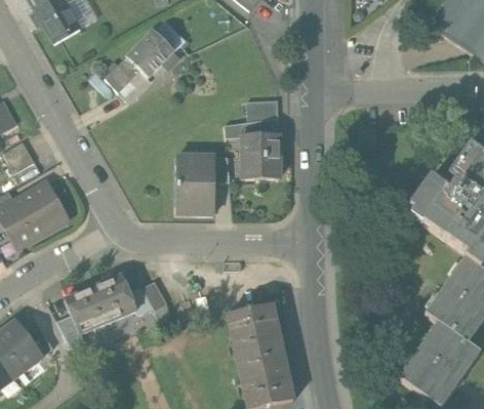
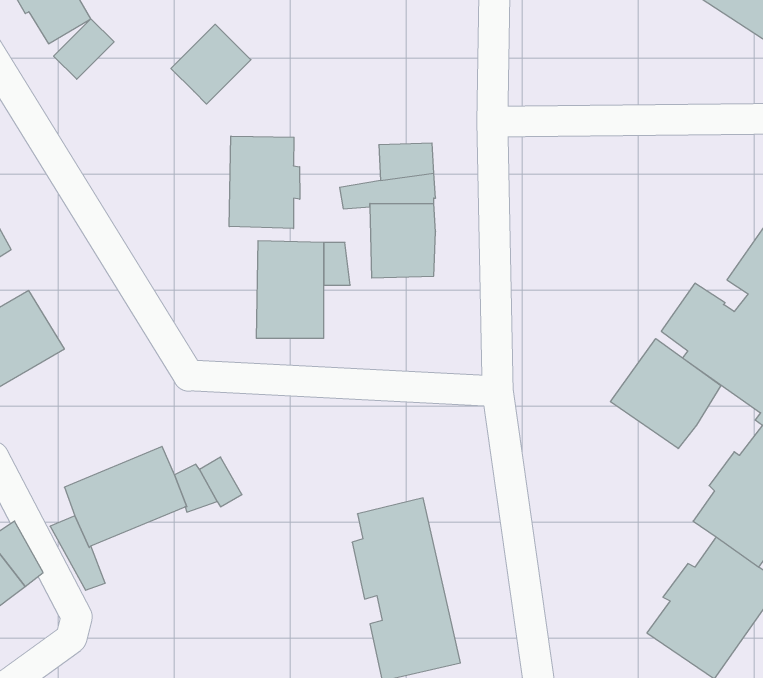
building: [105,55,139,90] -> [54,19,114,79]
building: none -> [229,136,300,229]
building: none -> [610,339,721,449]

